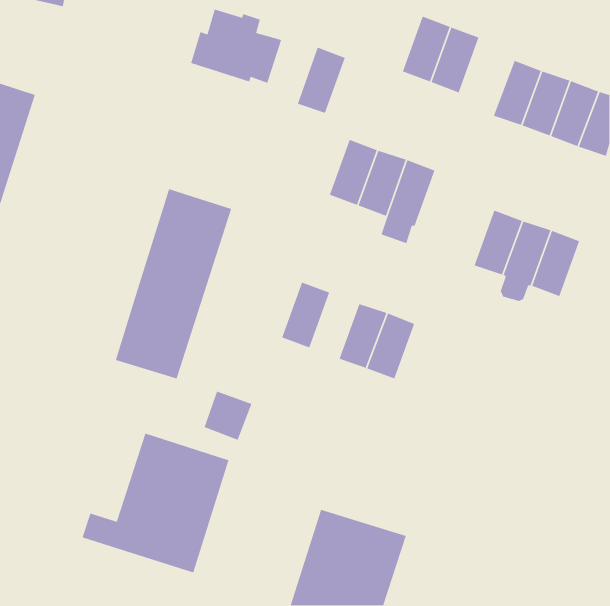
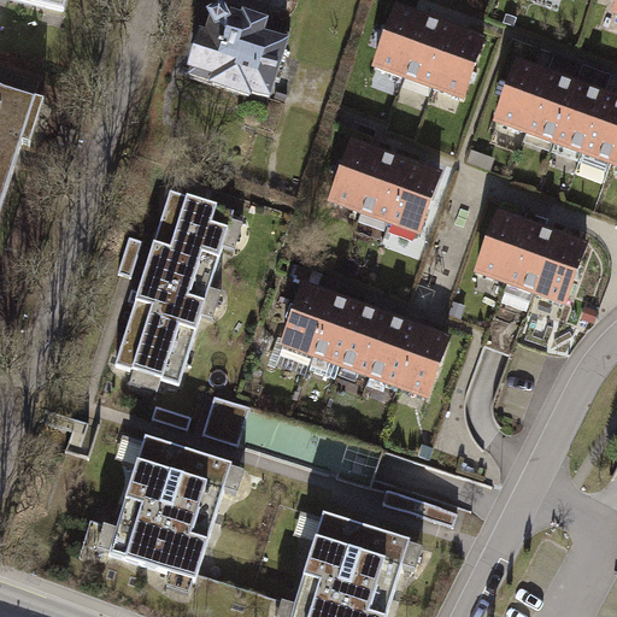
building: [297,47,346,114] -> [376,5,425,72]
building: none -> [310,294,362,375]
building: none -> [398,325,447,393]

